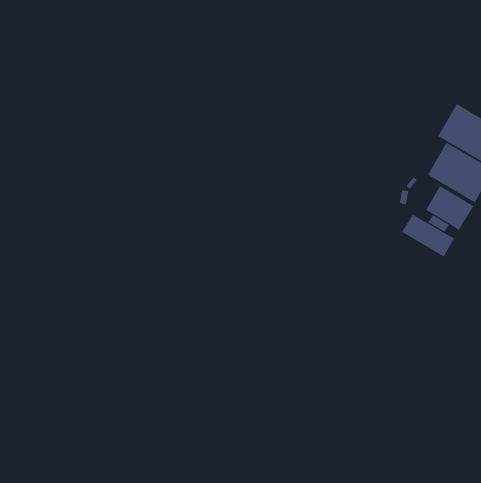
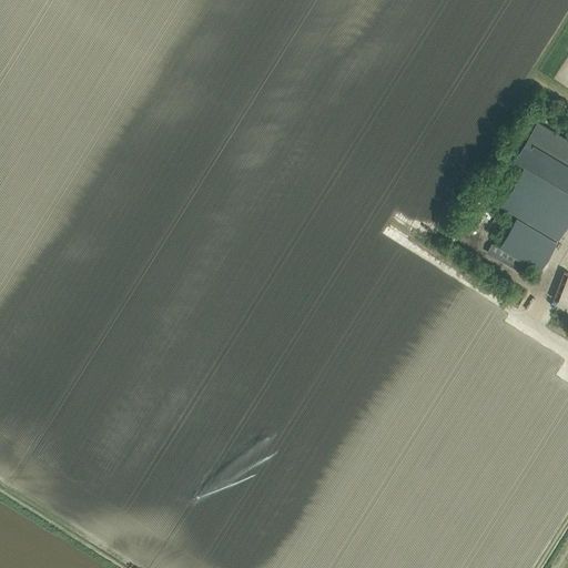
building: [401,214,455,258] -> none

